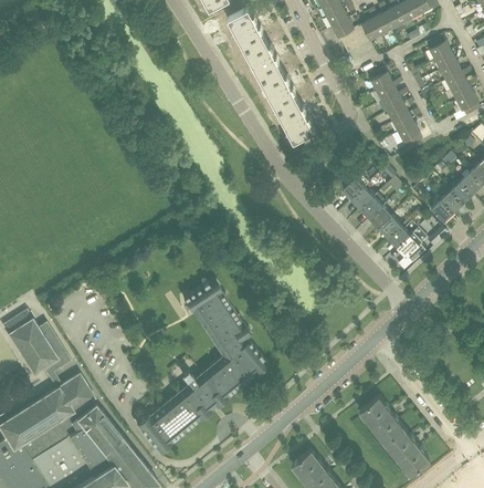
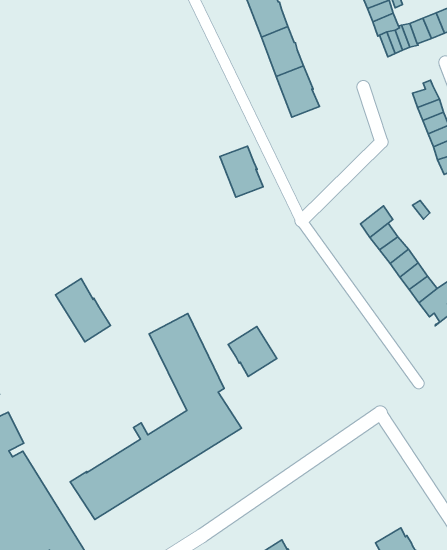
building: [277,101,315,143] -> [220,146,263,197]
building: none -> [55,278,110,342]
building: none -> [228,326,277,376]
building: [359,397,404,444] -> none

